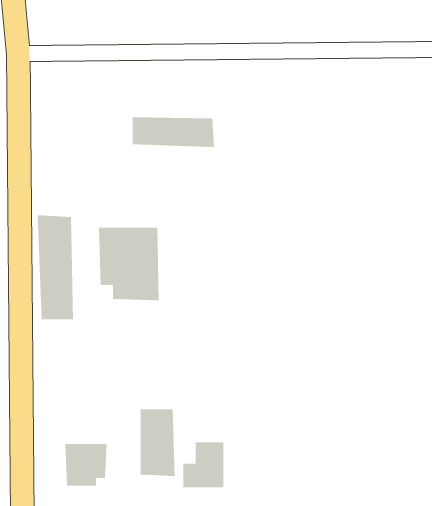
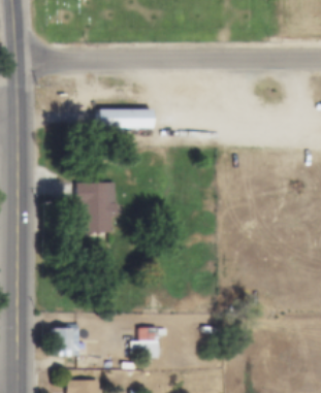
building: [37,215,74,320] -> none
building: [140,408,175,477] -> none

